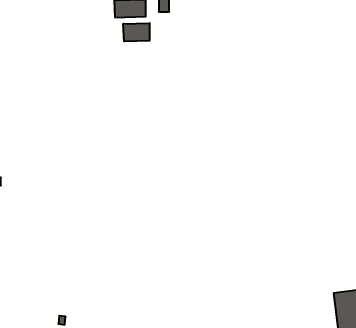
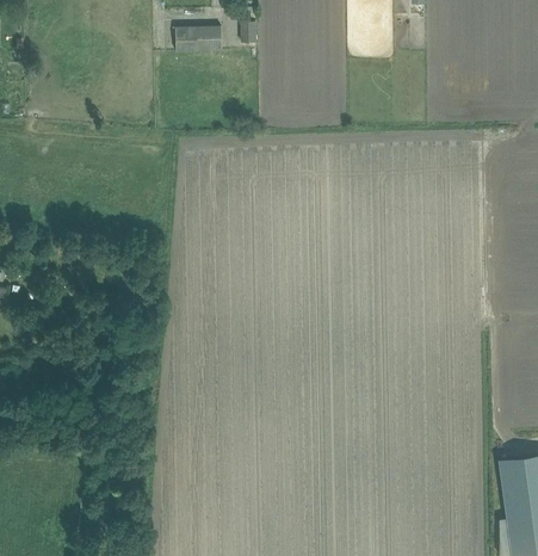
building: [123,23,150,41] -> none

